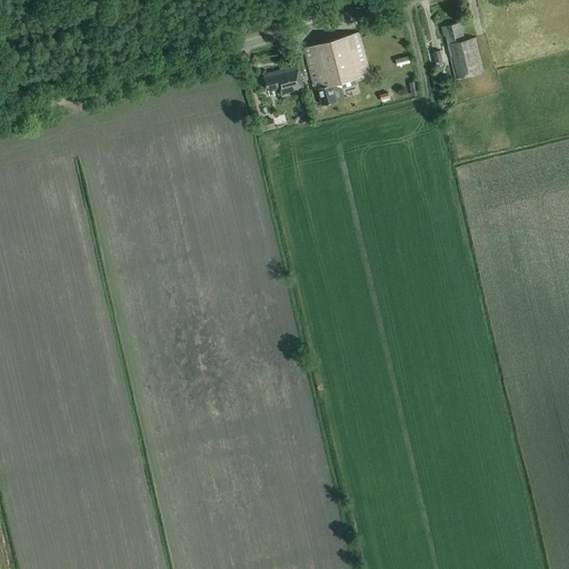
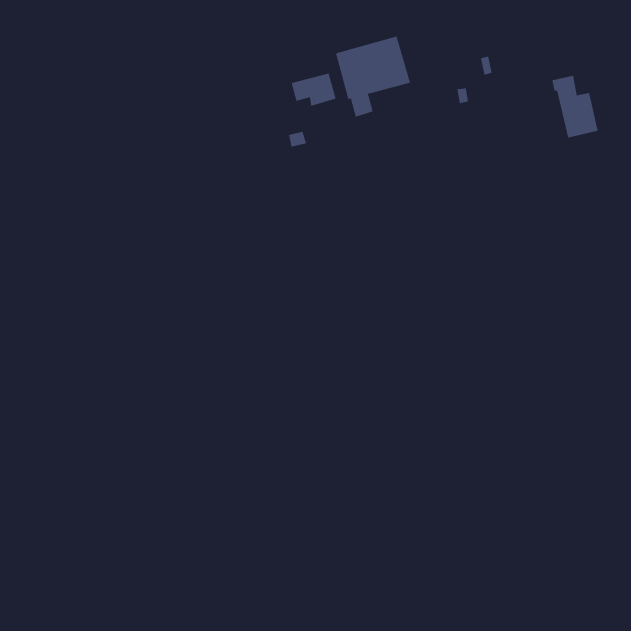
building: [440,22,482,79] -> [551,75,598,138]

